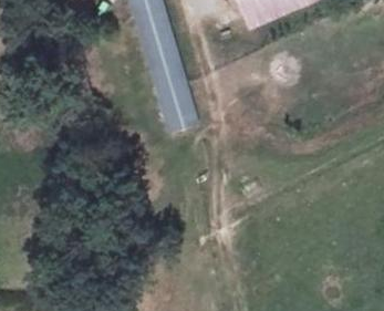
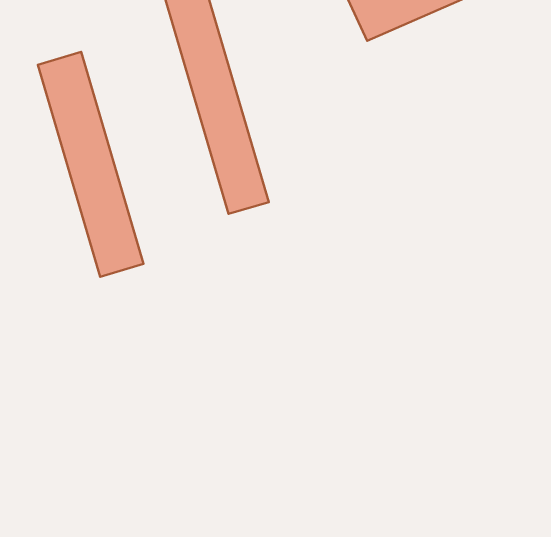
building: none -> [38,52,144,277]

